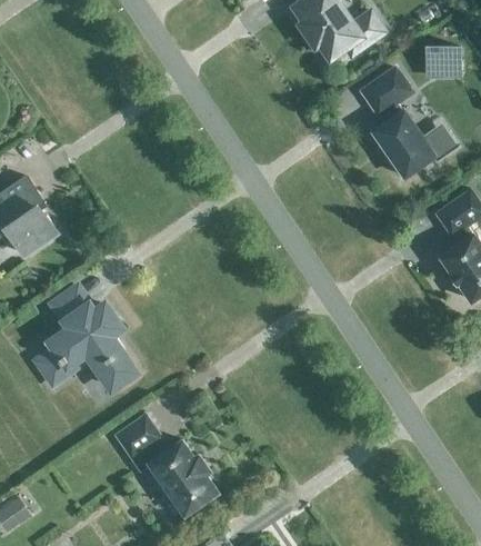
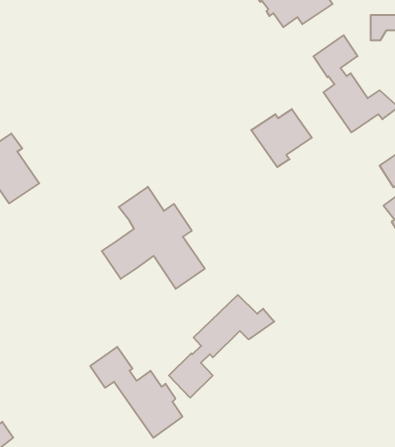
building: none -> [251,109,312,167]
building: [27,282,141,396] -> [102,187,205,289]
building: none -> [169,295,274,398]

